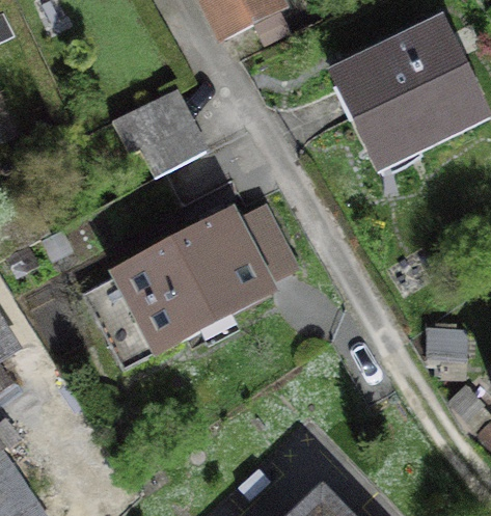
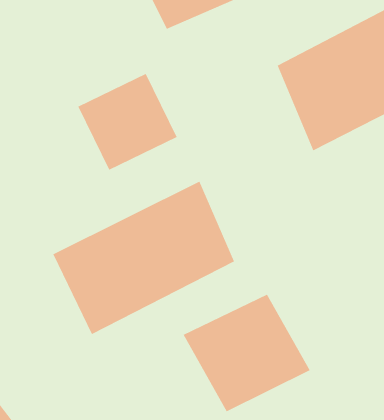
building: none -> [183,294,311,412]

